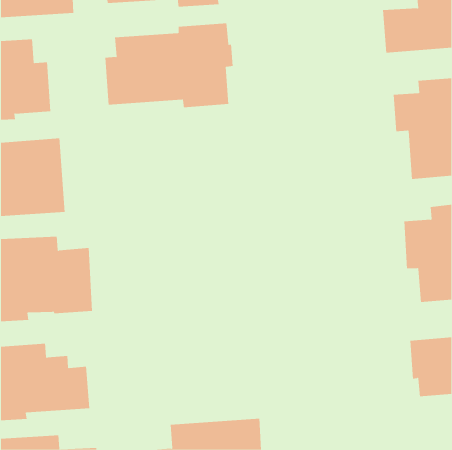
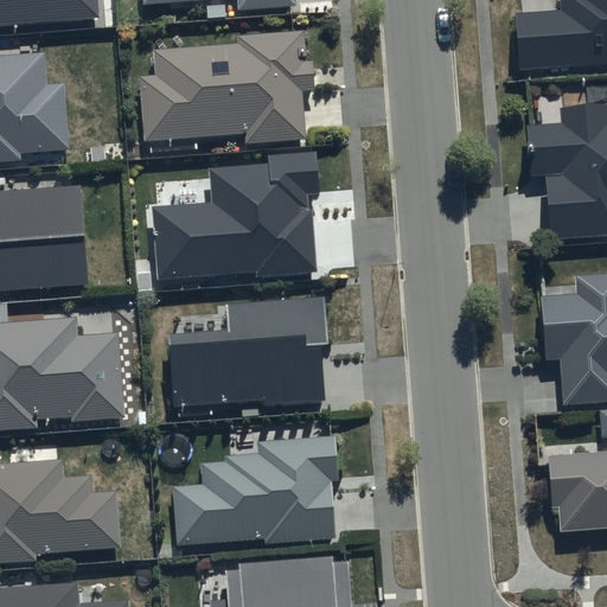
building: none -> [151,152,319,281]
building: none -> [167,296,328,408]
building: none -> [173,437,338,545]

